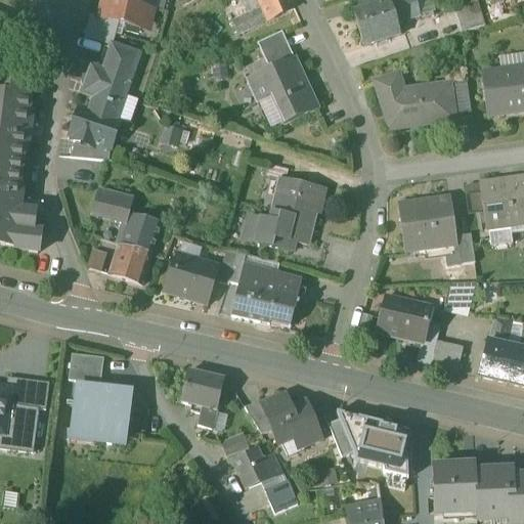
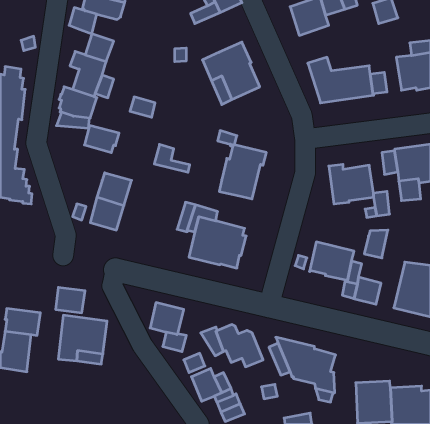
building: [256,27,295,63] -> none
building: [92,186,134,219] -> [84,126,119,153]
building: [247,213,290,247] -> [154,144,190,172]
building: [168,252,216,299] -> none

